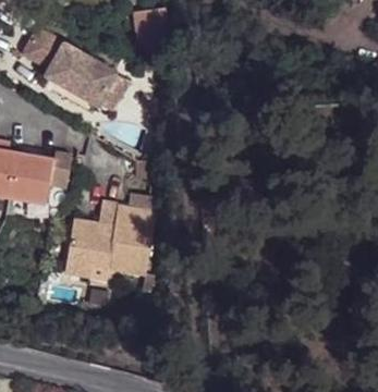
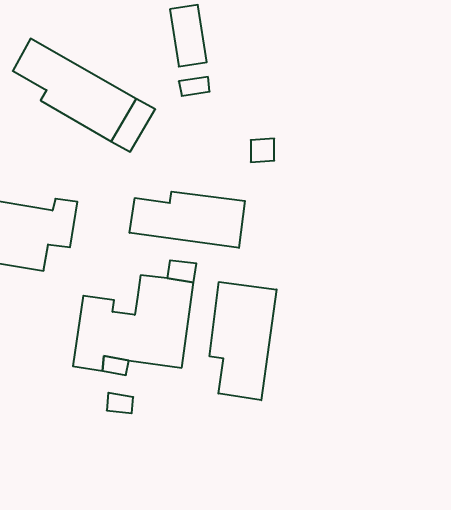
building: none -> [130,192,245,248]
building: none -> [210,282,277,400]

